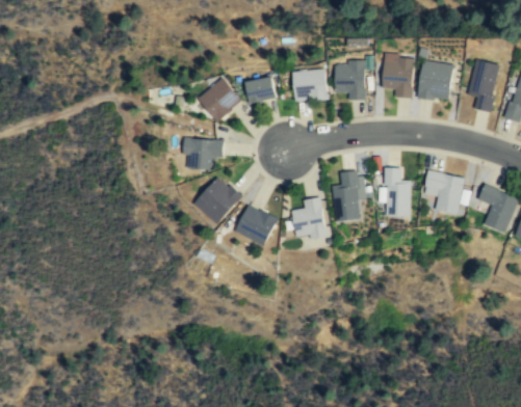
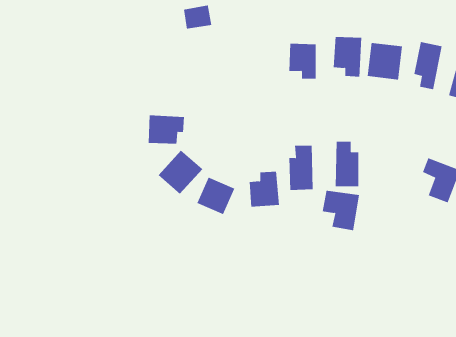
building: [292,70,325,101] -> none
building: [245,76,277,102] -> [183,5,212,29]
building: [198,77,241,121] -> none
building: [423,169,464,213] -> [322,190,360,231]

